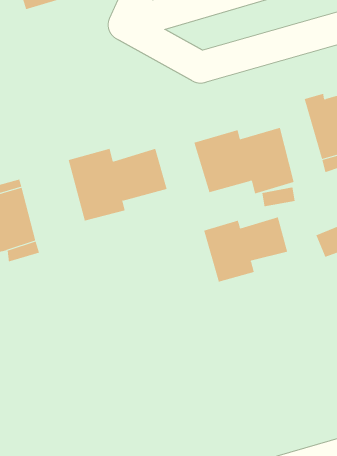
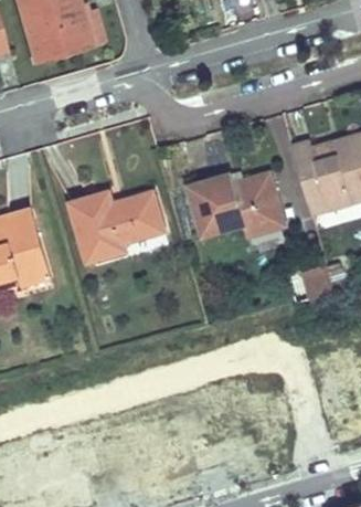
building: [203,217,288,283] -> none

